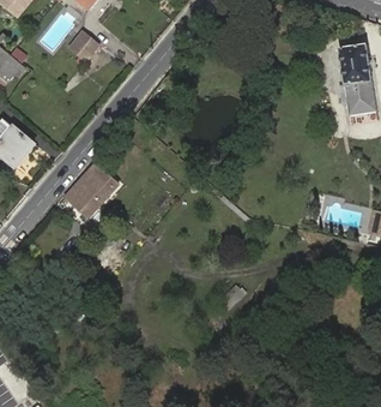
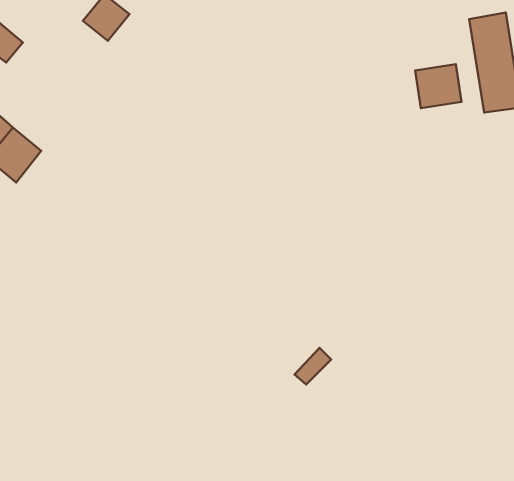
building: none -> [415,64,461,108]
building: [67,163,120,216] -> none

